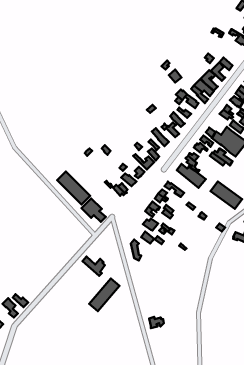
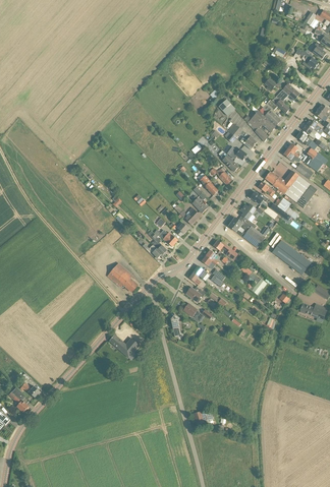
building: [57,171,90,205] -> none
building: [89,279,120,311] -> none

